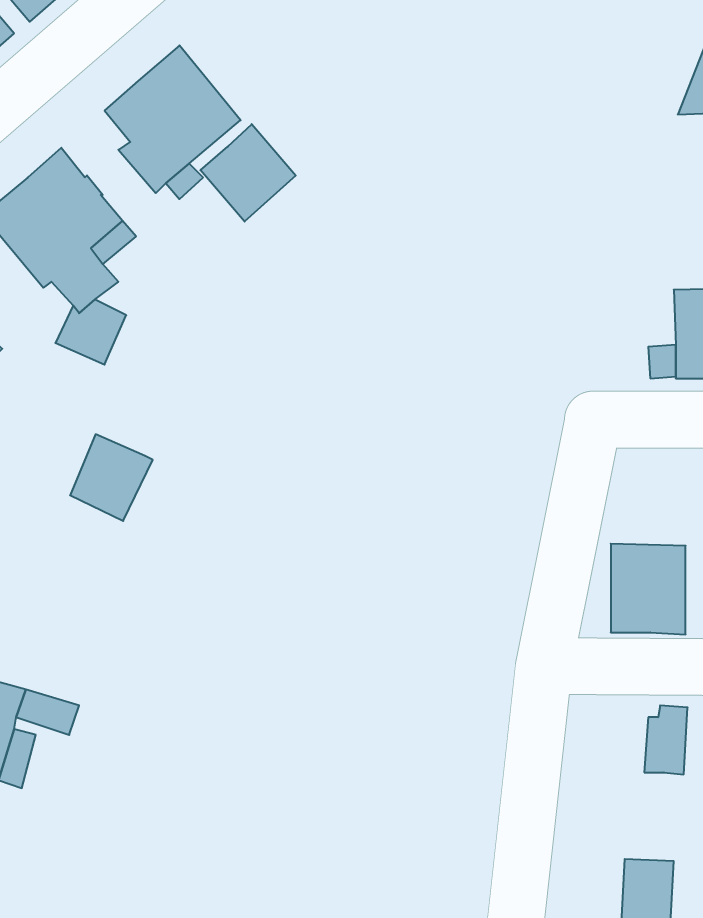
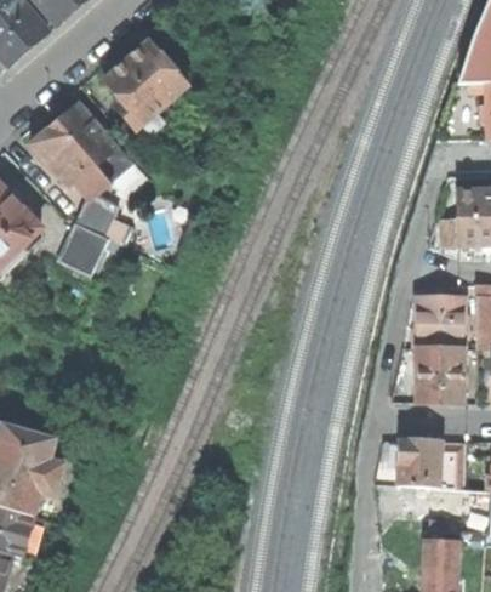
building: [200,124,296,222] -> none
building: [70,434,153,521] -> [59,222,110,275]
building: none -> [417,294,464,347]
building: none -> [399,439,440,486]

